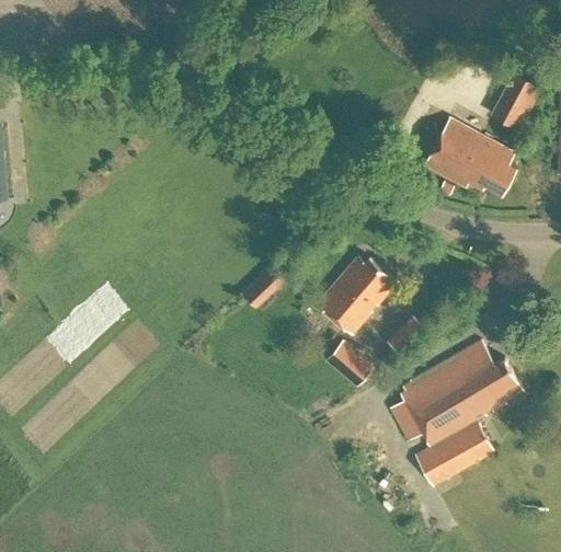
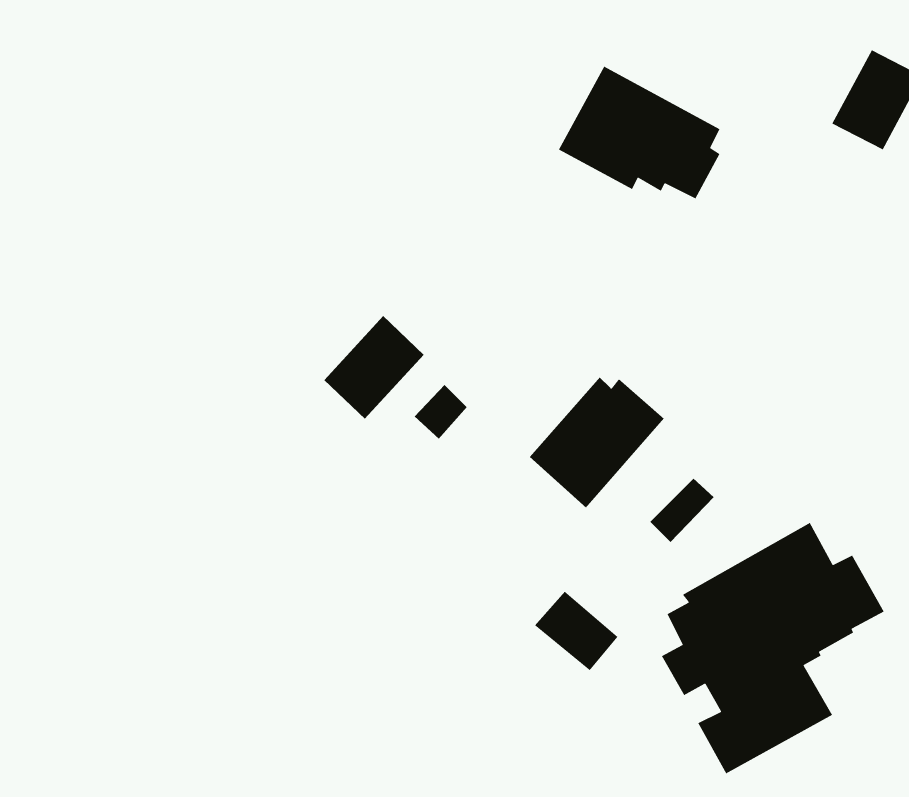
building: [423,117,516,194] -> [558,66,721,200]
building: none -> [323,315,425,420]
building: [325,341,374,387] -> [534,591,619,671]

